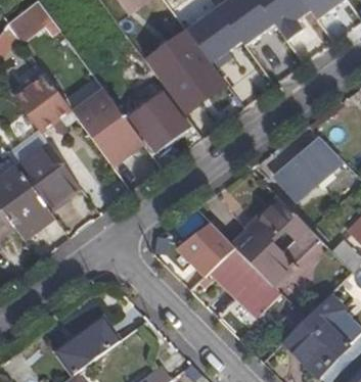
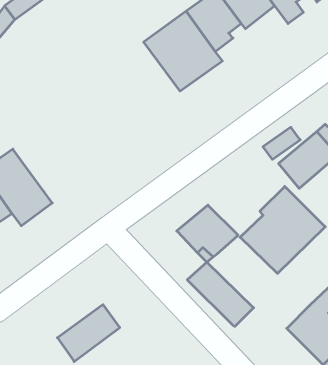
building: [13,76,70,132] -> none
building: [72,89,142,164] -> none
building: [133,103,184,149] -> none
building: [14,142,77,206] -> none
building: [216,250,281,314] -> [187,262,254,326]

